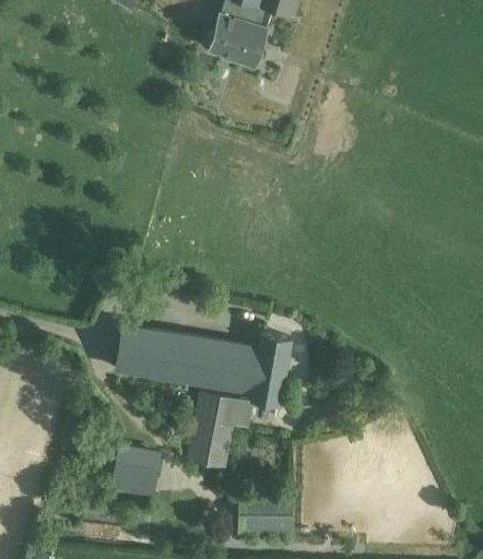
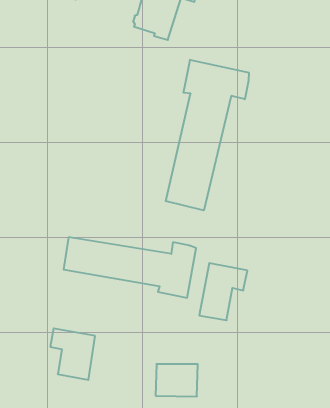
building: none -> [166,60,249,210]
building: [189,391,252,466] -> [199,263,247,320]

